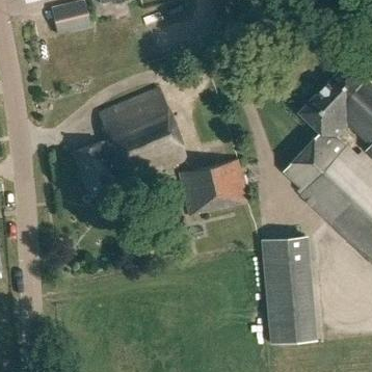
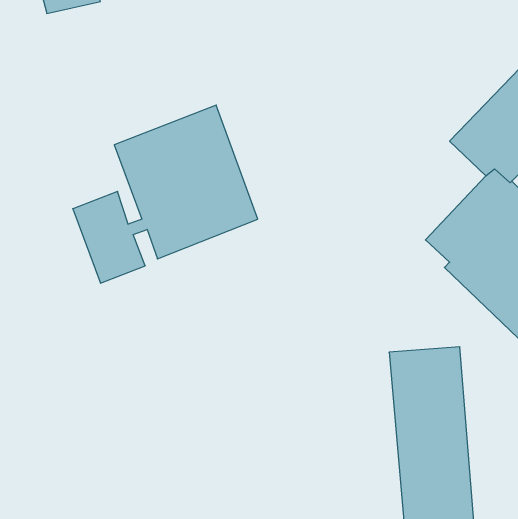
building: [179,158,246,215] -> none

